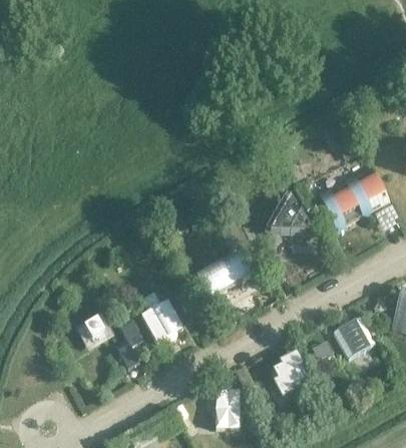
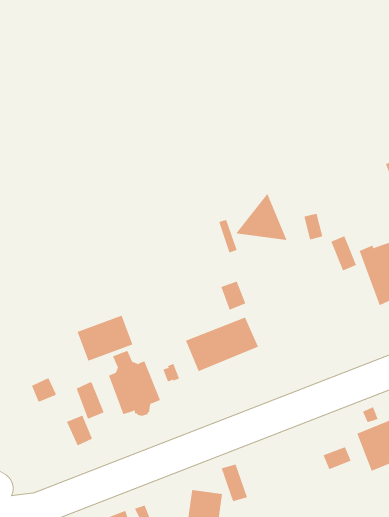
building: [270,200,310,235] -> [235,192,287,241]
building: none -> [77,315,133,361]
building: [272,351,307,392] -> none

